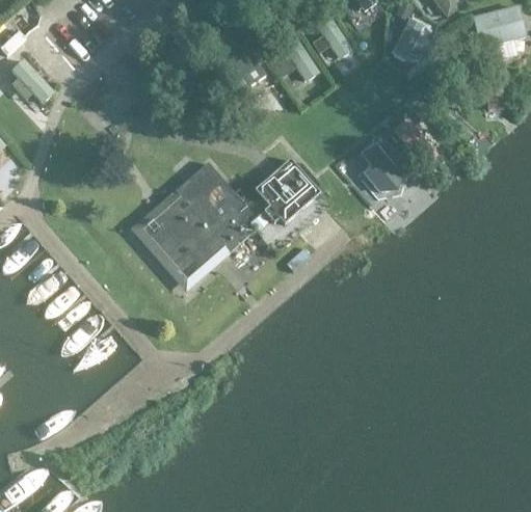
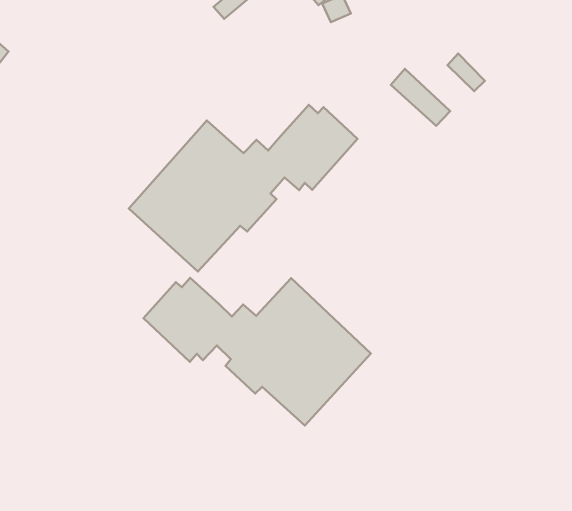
building: none -> [144,278,371,425]

